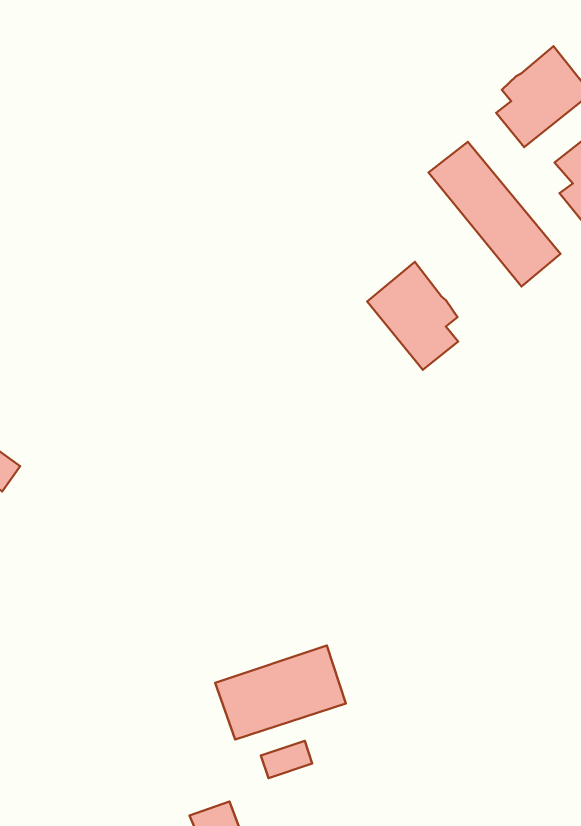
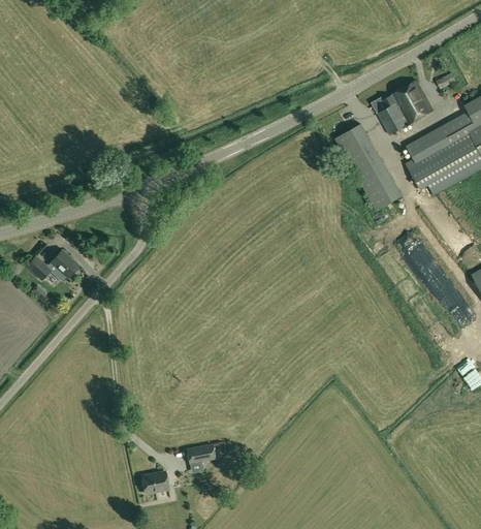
building: [367,262,458,370] -> none
building: [215,646,346,740] -> none

